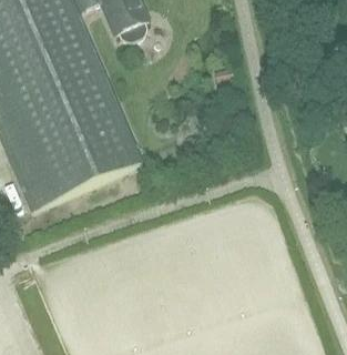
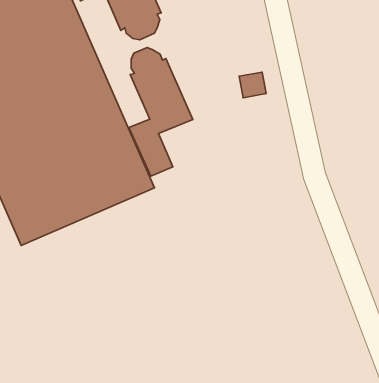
building: none -> [129,47,193,176]

